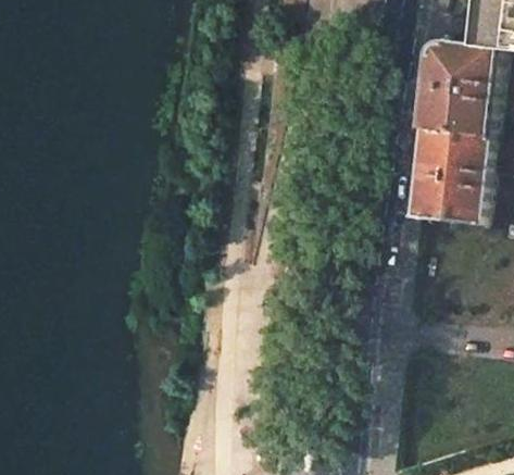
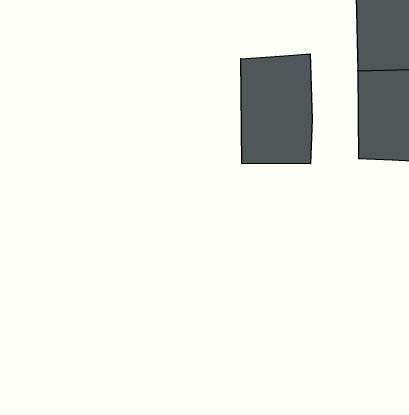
building: none -> [241,54,312,164]

